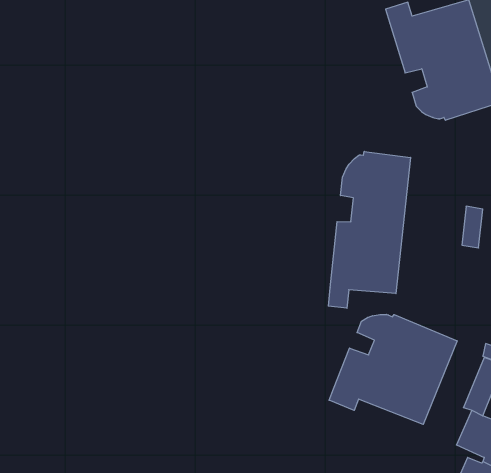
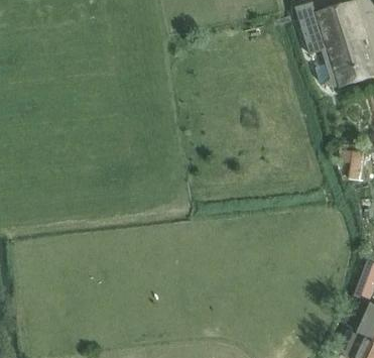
building: [328,151,411,308] -> none
building: [329,314,457,424] -> none

